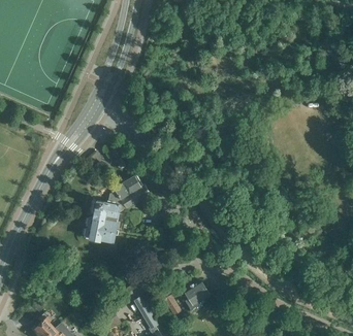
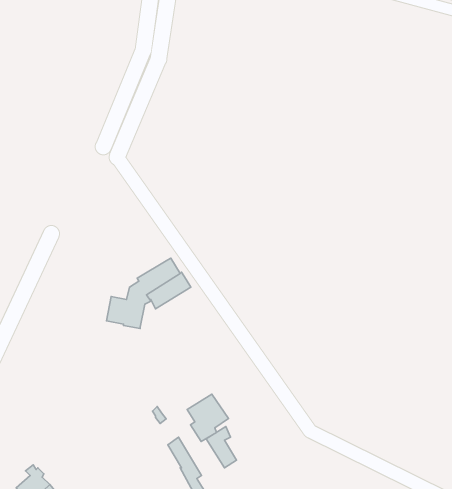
building: [85,216,118,242] -> none
building: [184,280,212,312] -> [187,394,229,442]

